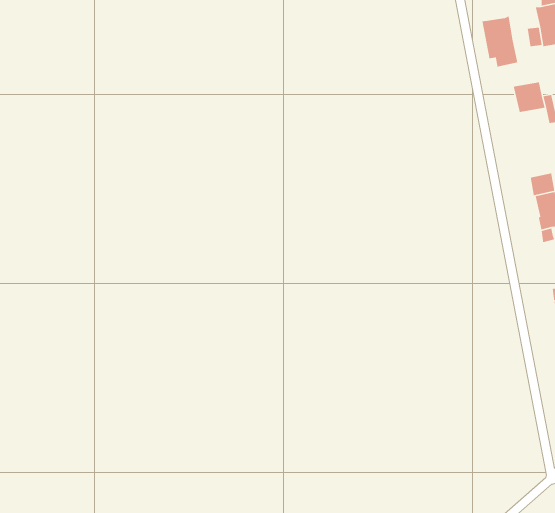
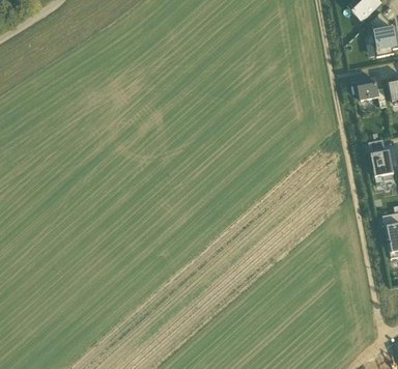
building: [482,15,518,67] -> none

